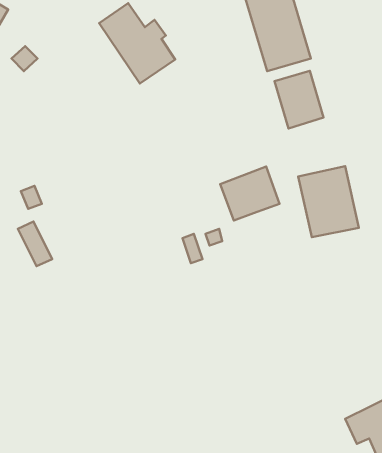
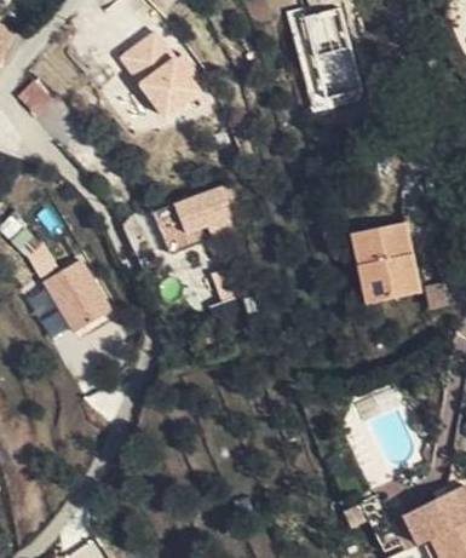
building: [275,71,323,129] -> none
building: [220,166,280,221] -> [173,183,242,246]
building: none -> [42,258,111,333]

